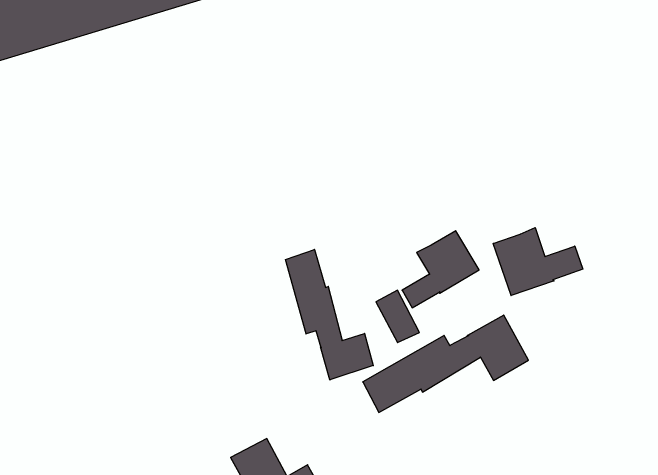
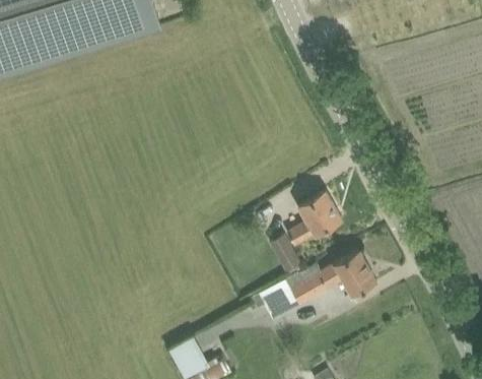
building: [493,228,583,296] -> none
building: [285,249,373,380] -> none

